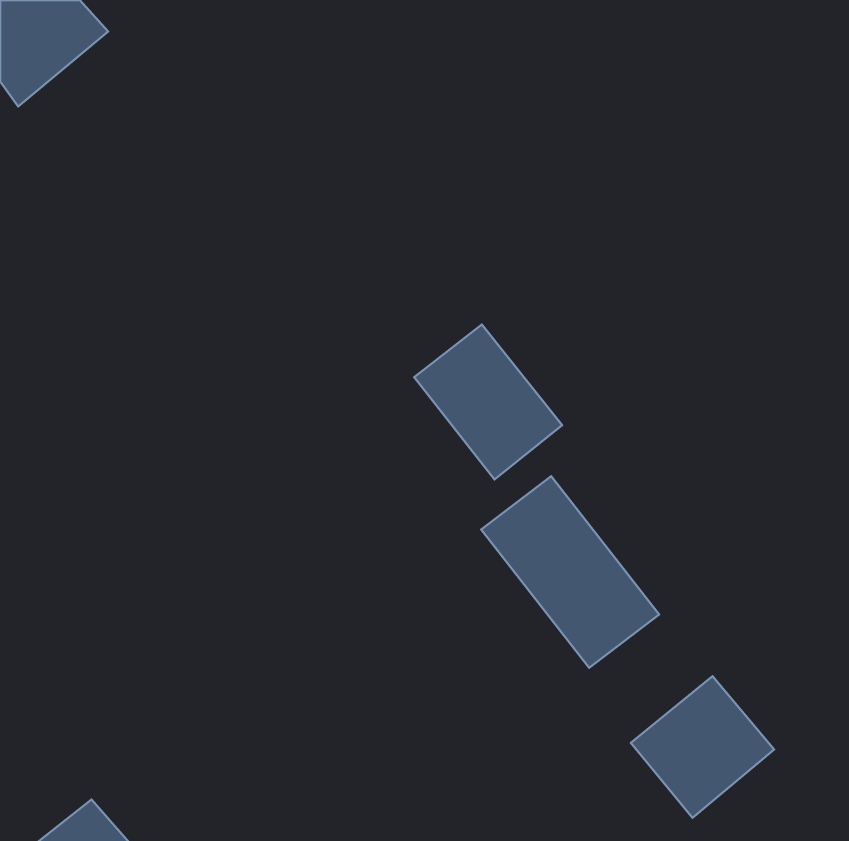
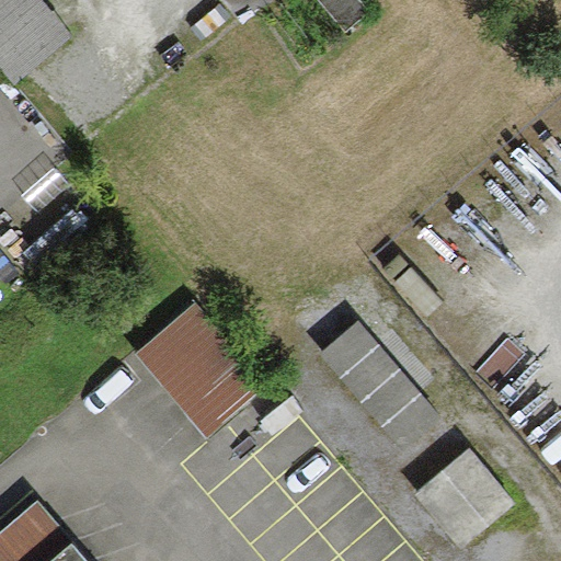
building: [414,325,562,480] -> none
building: none -> [131,300,256,428]

